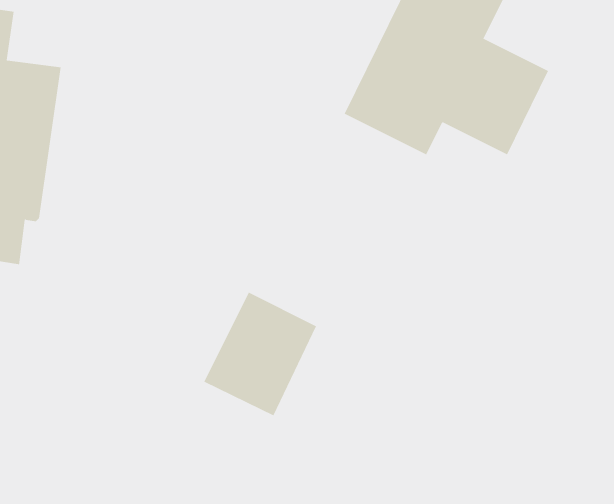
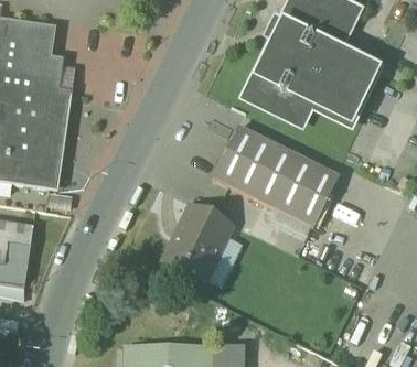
building: none -> [213,125,339,225]

